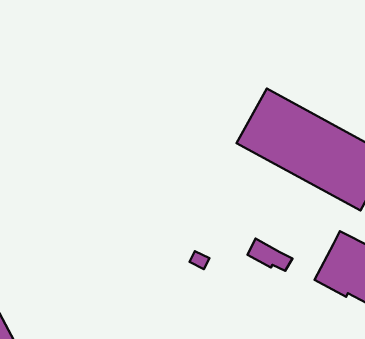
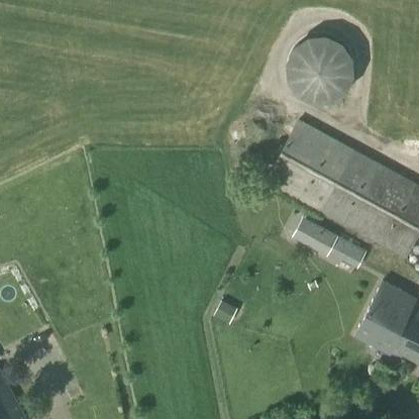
building: none -> [287,33,355,103]
building: [247,239,292,271] -> [303,221,353,257]

